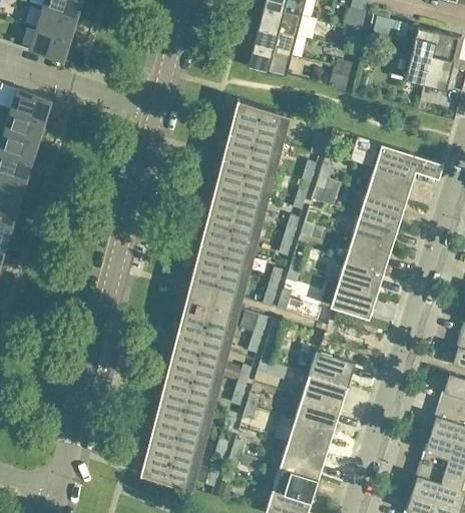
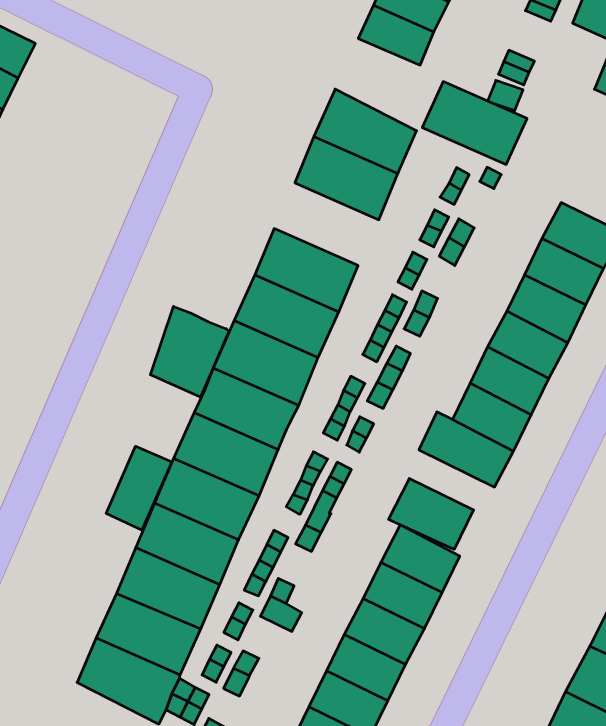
building: [213,158,275,201] -> [422,82,527,164]
building: none -> [150,306,229,397]
building: none -> [389,478,474,549]
building: none -> [106,446,172,530]

